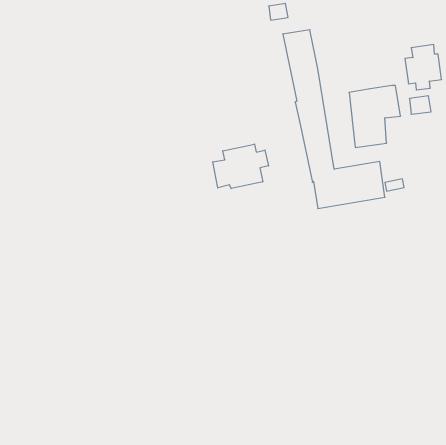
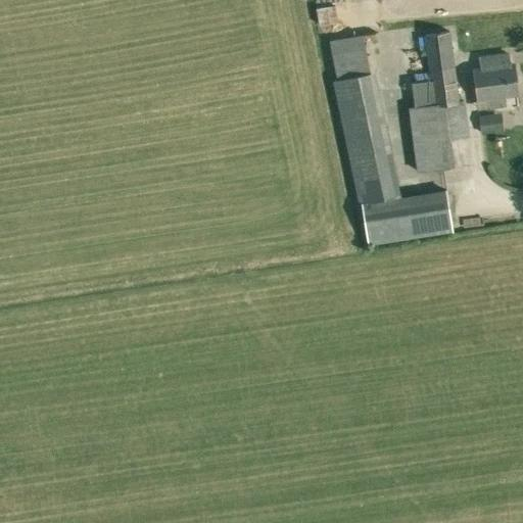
building: none -> [423,33,459,105]
building: [213,144,269,189] -> none

